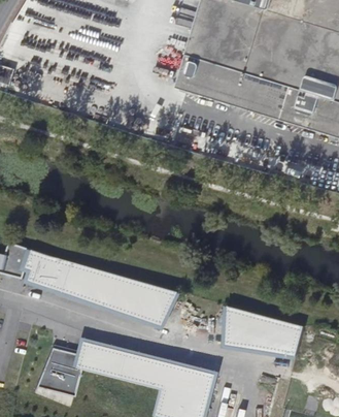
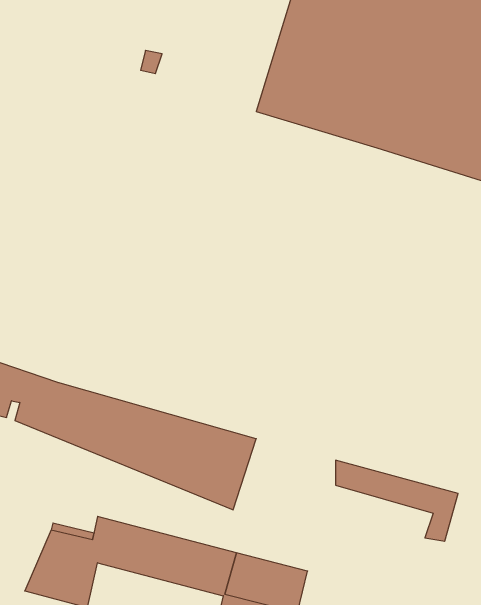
building: [228,321,291,354] -> none

